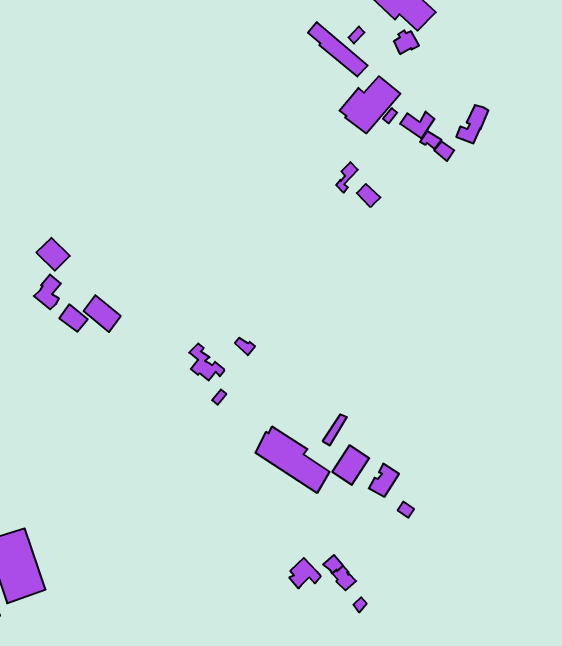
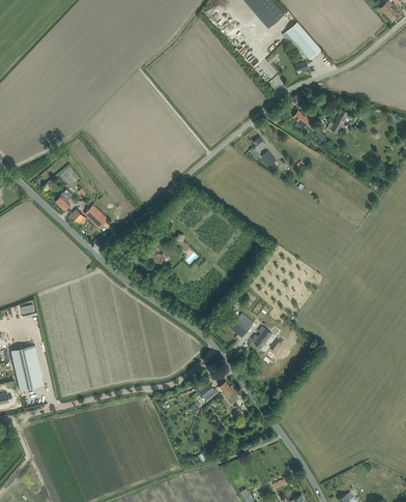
building: [339,76,400,133] -> none
building: [255,426,330,493] -> none

